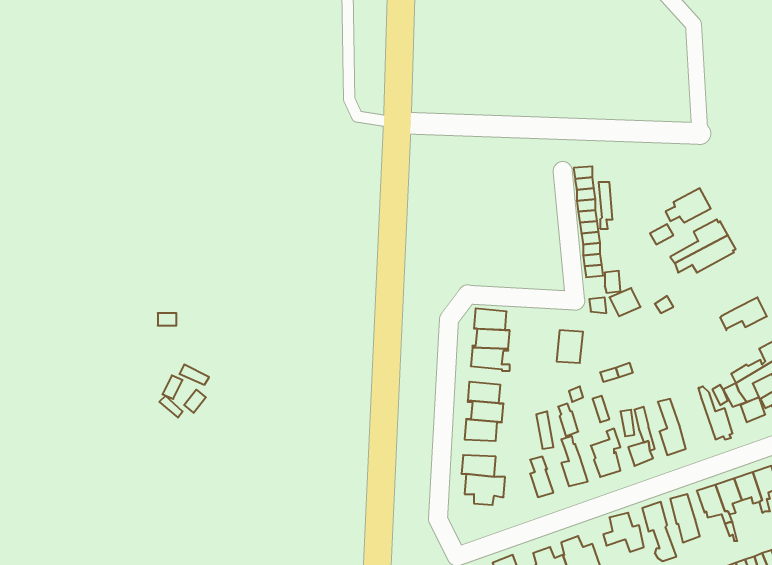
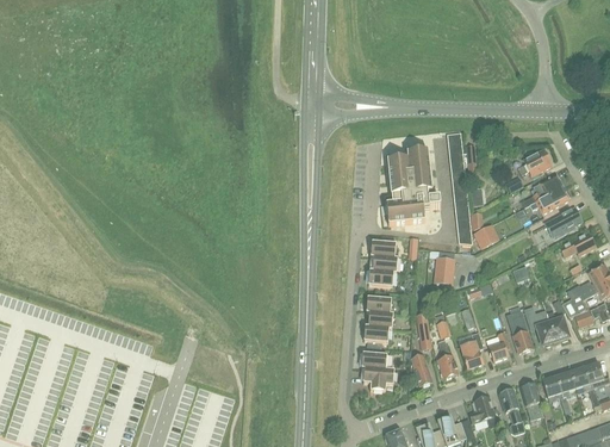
building: none -> [386,149,441,224]
building: none -> [544,207,581,238]
building: none -> [525,306,555,346]

